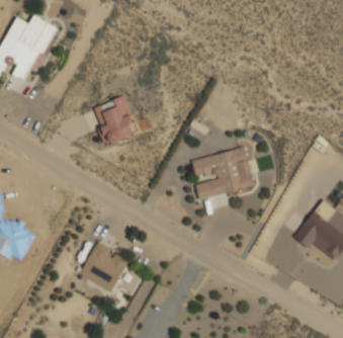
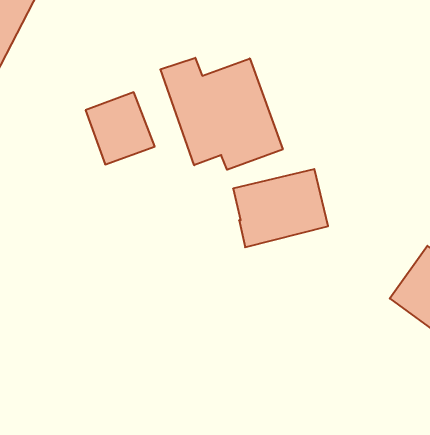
building: none -> [160,58,283,170]
building: [80,242,130,291] -> none

